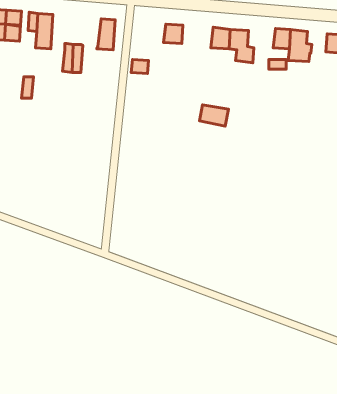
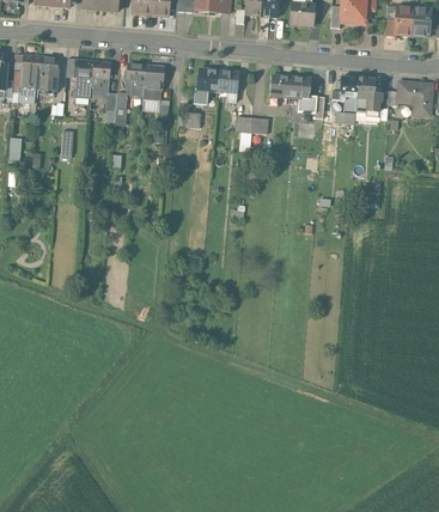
building: none -> [91,60,111,99]
building: none -> [124,62,147,96]
building: none -> [194,68,219,104]
building: [199,105,228,126] -> [233,114,266,138]

